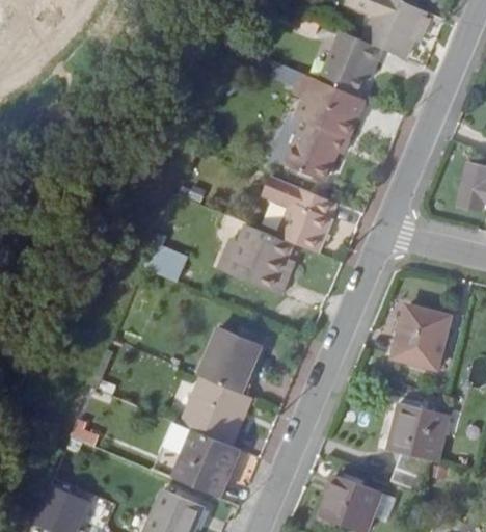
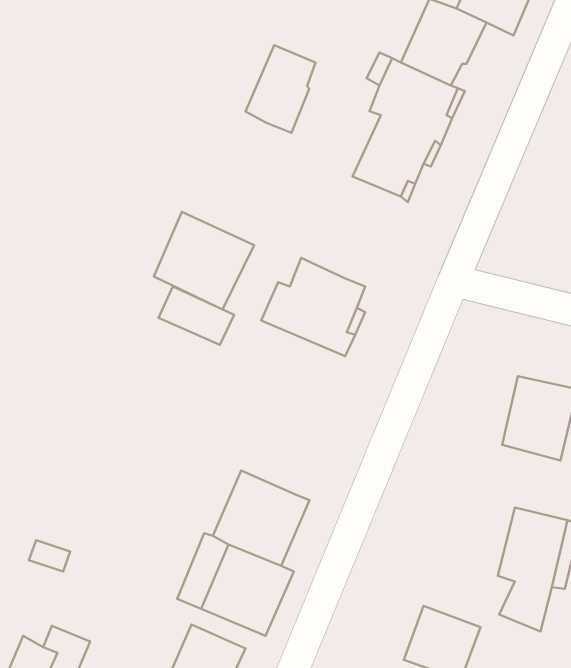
building: none -> [246,45,316,133]
building: [271,176,342,254] -> none
building: none -> [154,212,254,310]
building: [204,329,266,394] -> none

